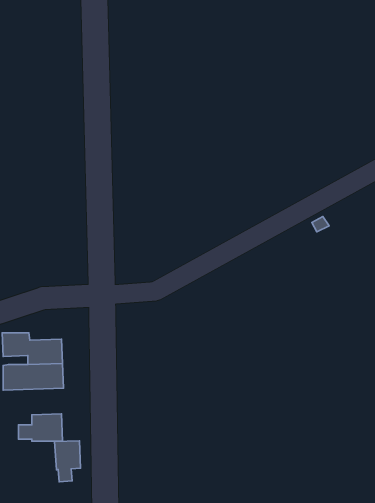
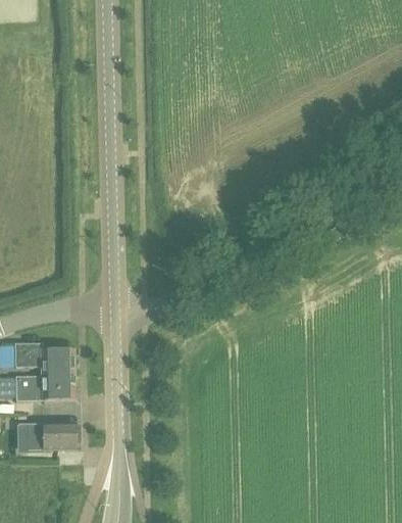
building: [55,441,80,482] -> none

